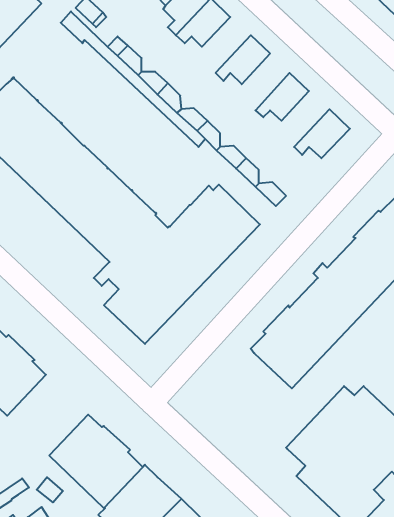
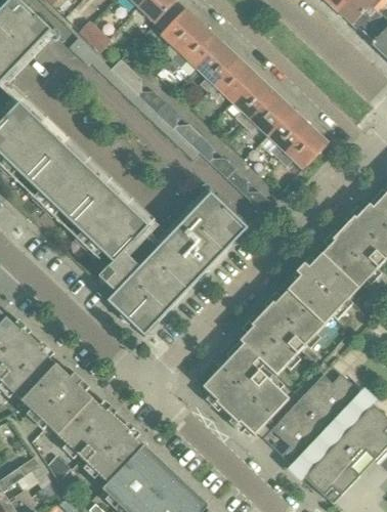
building: none -> [196,42,240,92]
building: none -> [231,75,274,126]
building: none -> [267,109,310,159]
building: none -> [203,344,289,435]
building: none -> [20,364,93,436]

